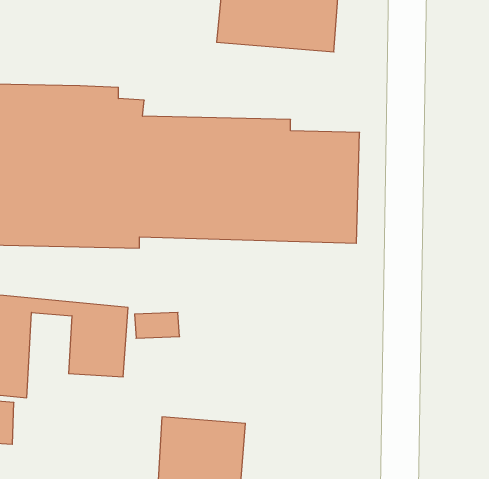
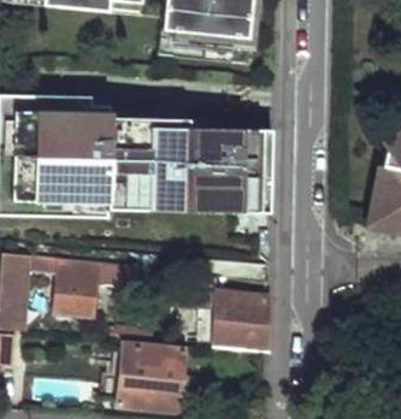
building: none -> [200,288,269,349]

